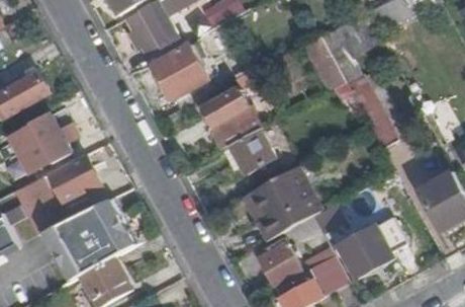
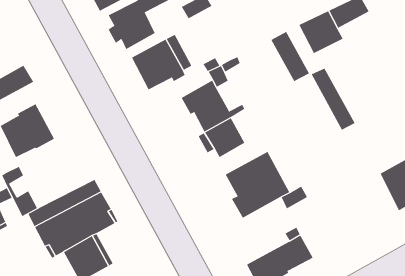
building: [49,154,99,203] -> none
building: [343,217,407,277] -> none
building: [260,242,302,285] -> none

